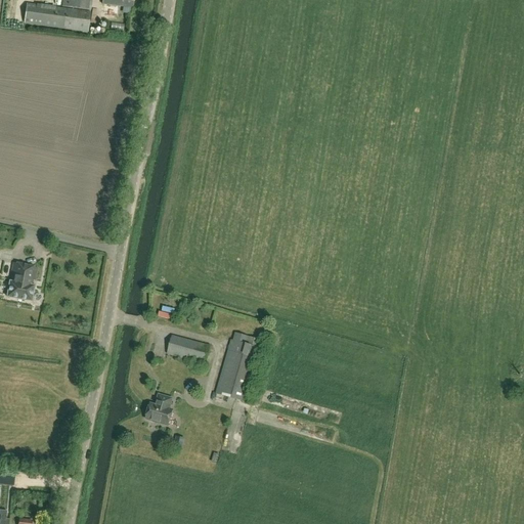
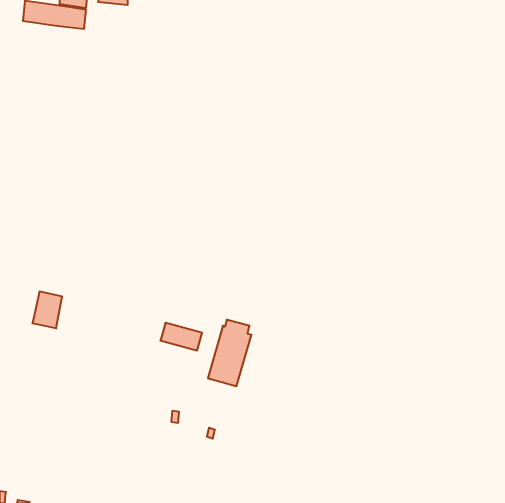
building: [5,261,36,299] -> [32,292,62,328]
building: [144,393,171,423] -> none

